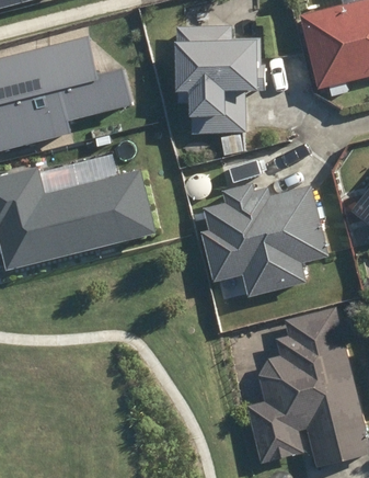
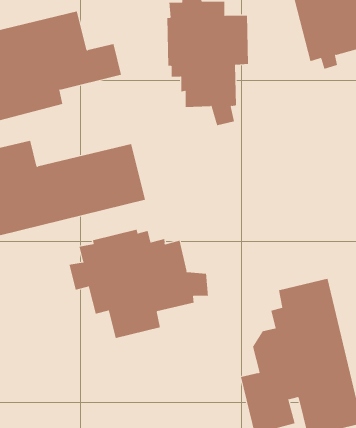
building: [203,184,326,293] -> none
building: none -> [69,229,208,339]

